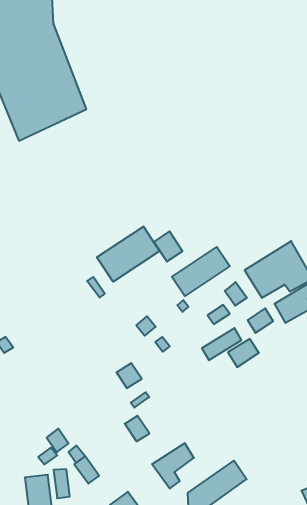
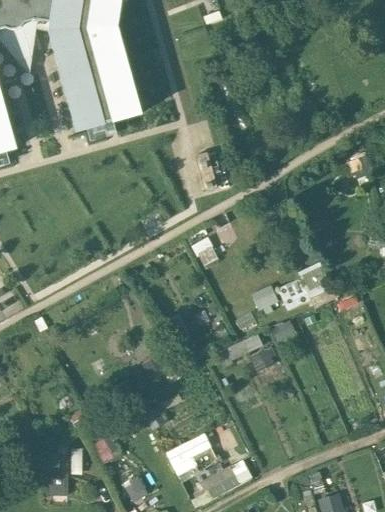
building: [97,226,160,282] -> none
building: [172,247,230,296] -> none

